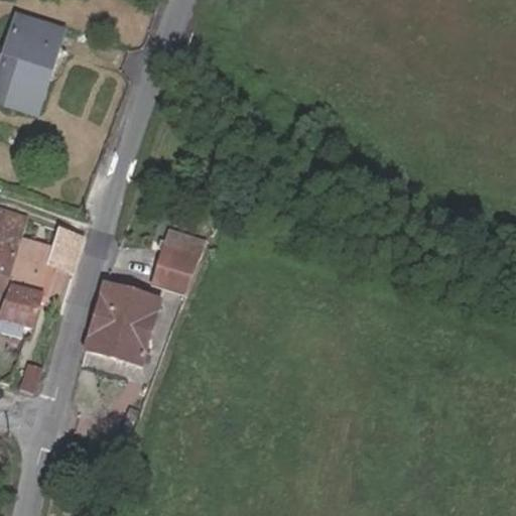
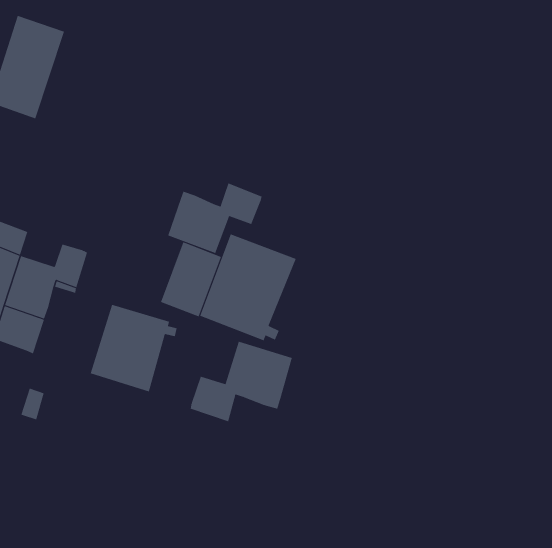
building: none -> [167,183,262,254]
building: none -> [200,234,296,341]
building: none -> [190,341,293,422]

